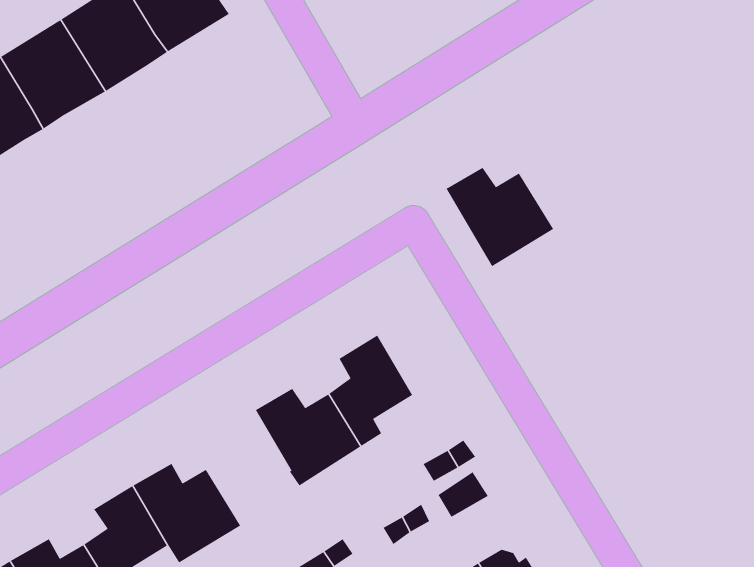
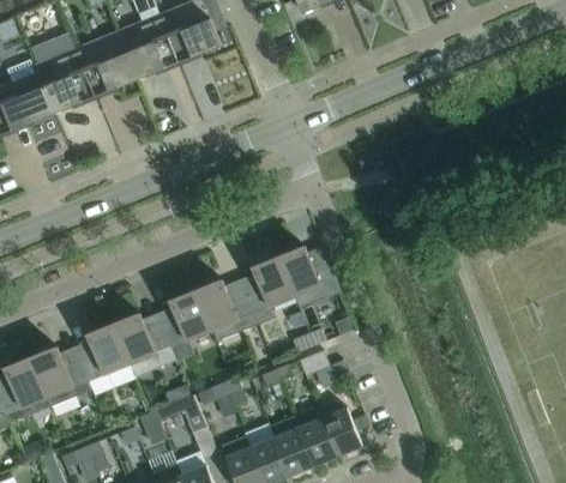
building: [446,167,554,267] -> [278,246,341,308]
building: none -> [159,289,211,346]

